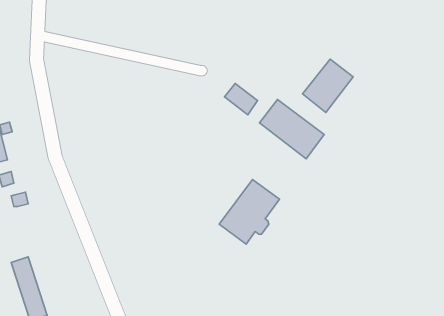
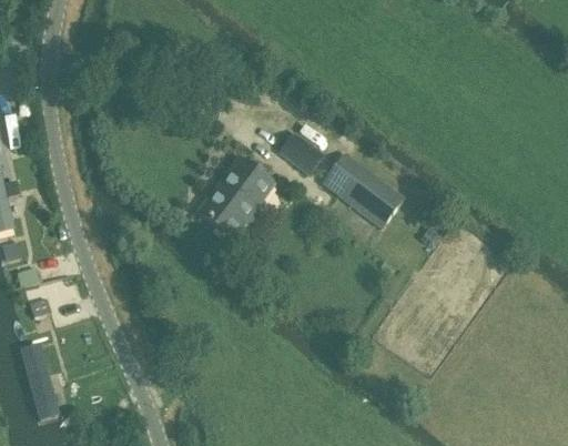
building: [302,59,353,112] -> none
building: [219,179,280,244] -> [199,158,273,237]

